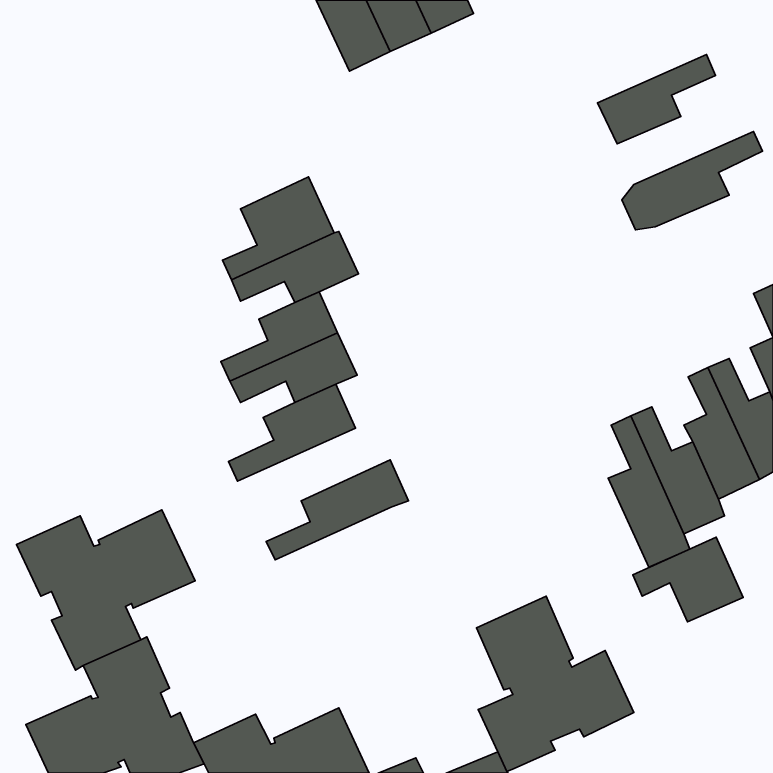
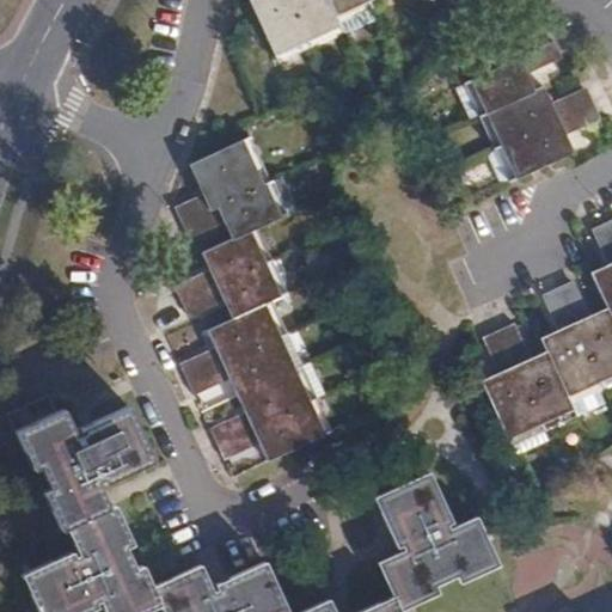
building: none -> [488,87,595,146]
building: none -> [188,338,295,396]
building: none -> [218,400,325,460]
building: [633,537,743,622] -> none

